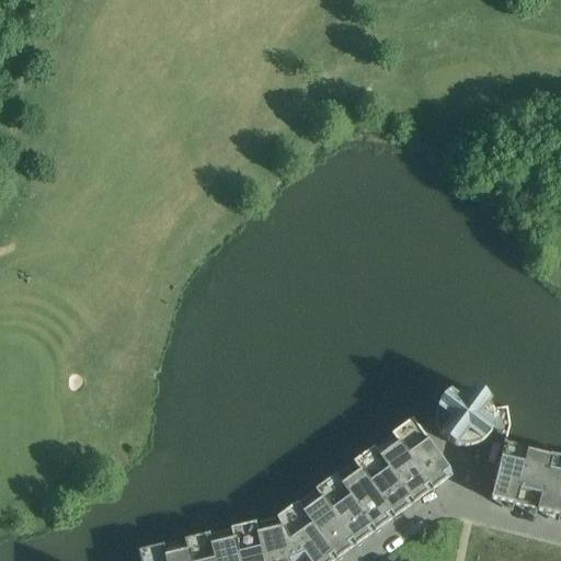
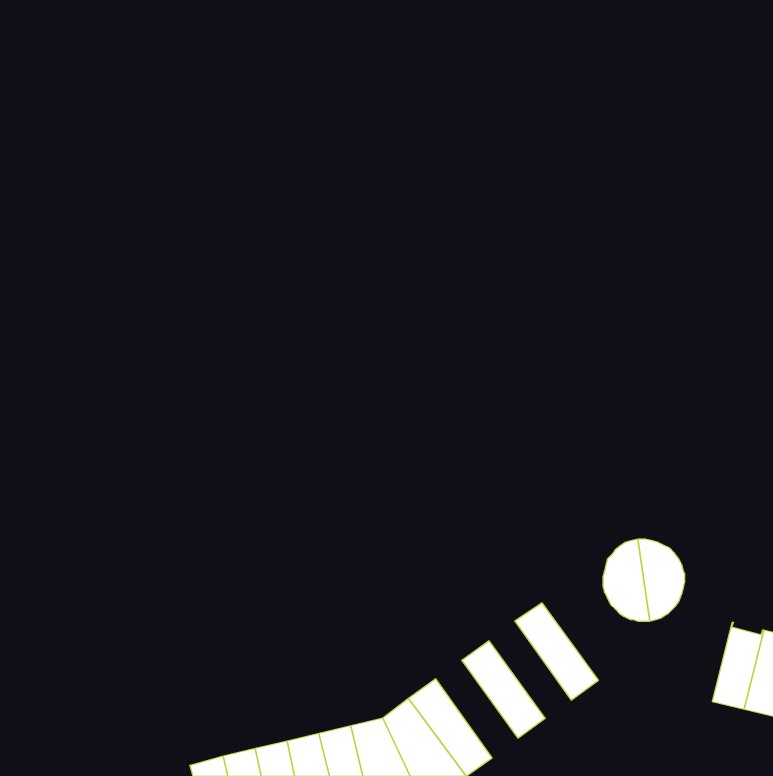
building: [393,420,454,491] -> none
building: [492,444,530,506] -> none
building: [355,448,414,518] -> none
building: [317,477,376,547] -> none

